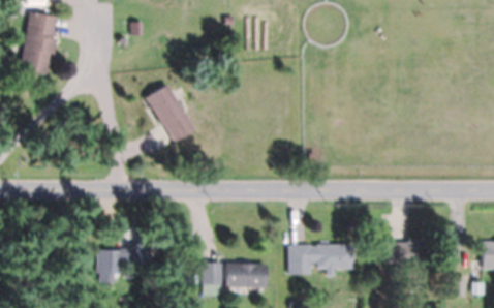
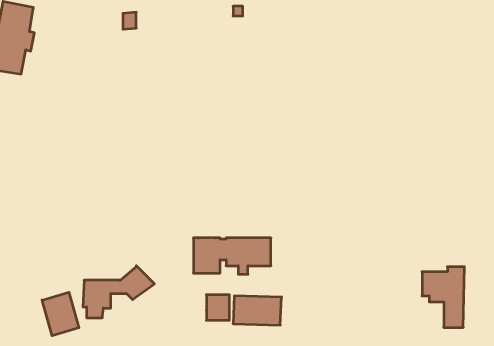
building: [146,85,195,142] -> none
building: [289,245,356,276] -> [193,238,271,274]
building: none -> [42,292,79,336]

